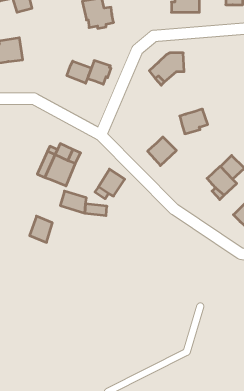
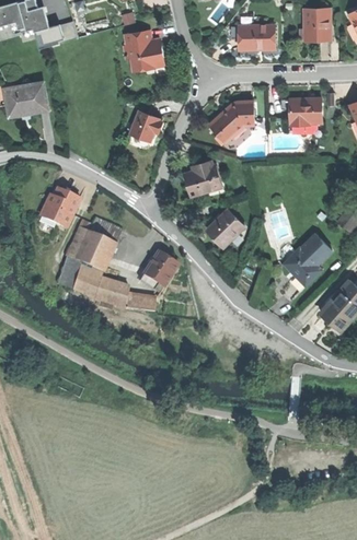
building: none -> [289,98,321,125]
building: [67,61,91,83] -> none
building: [180,109,208,134] -> [184,165,220,197]
building: none -> [41,189,79,228]
building: [30,216,52,242] -> [72,265,102,298]

